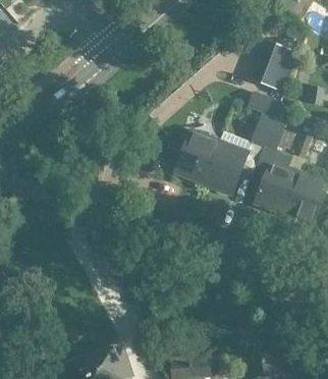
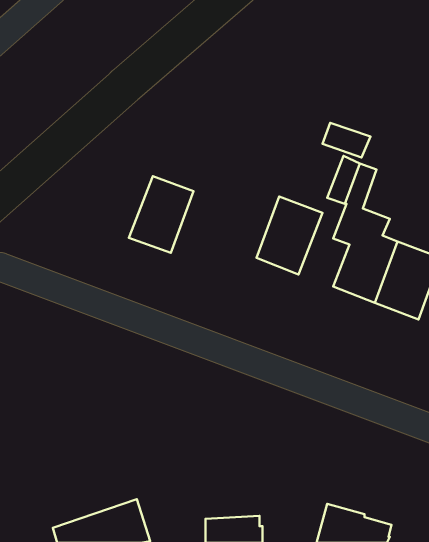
building: [254,39,295,89] -> none
building: [173,129,217,181] -> [129,176,193,253]

